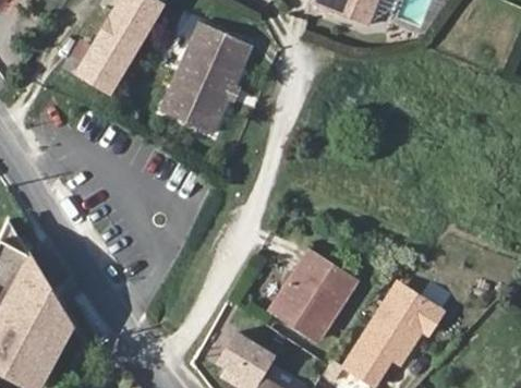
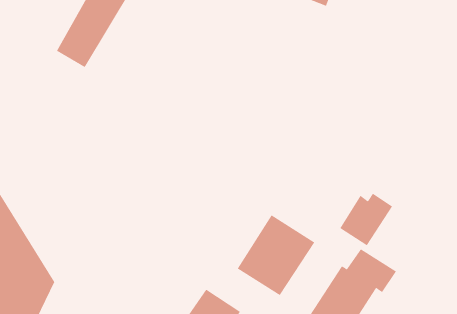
building: [158,25,246,133] -> none
building: none -> [340,193,393,246]

